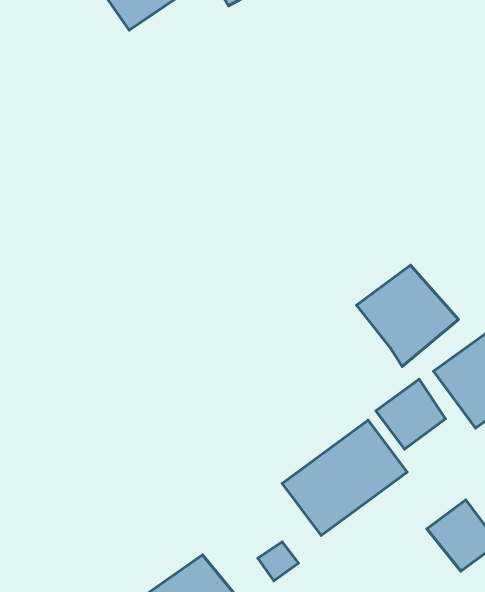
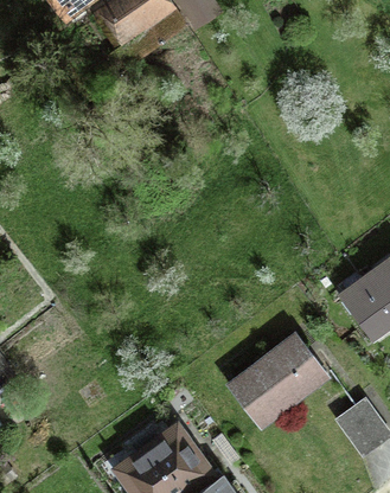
building: [357,265,459,367] -> none
building: [376,379,445,449] -> none

